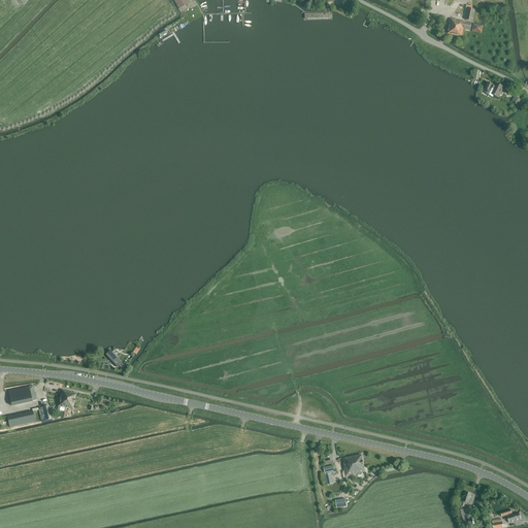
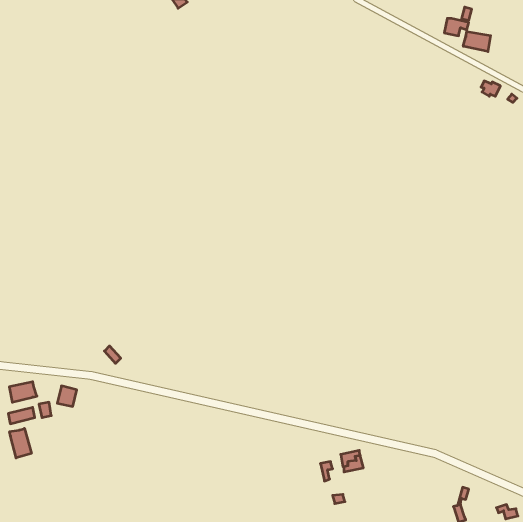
building: none -> [463,31,491,52]
building: none -> [10,428,31,458]

